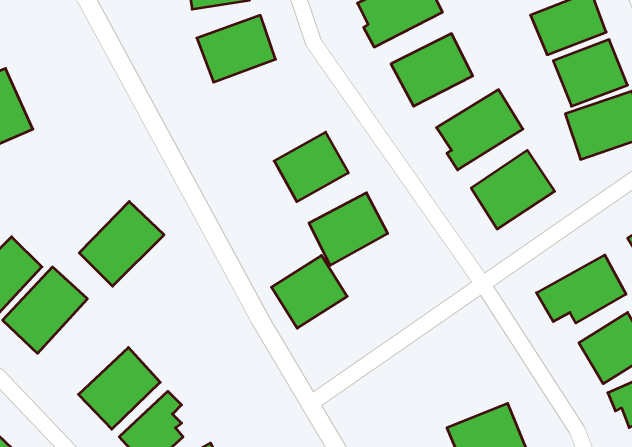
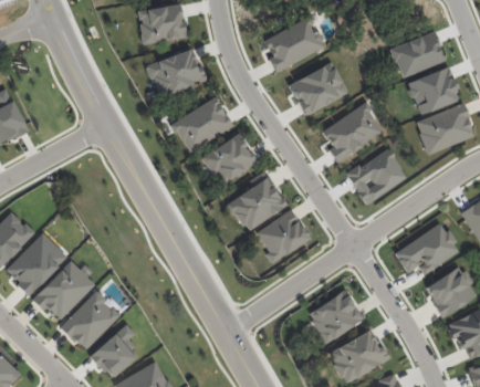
building: none -> [171,98,232,151]
building: [79,201,164,286] -> [33,260,95,322]
building: [271,255,347,328] -> [254,209,310,262]
building: none -> [306,290,363,343]

